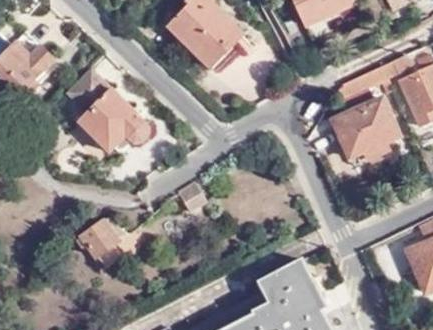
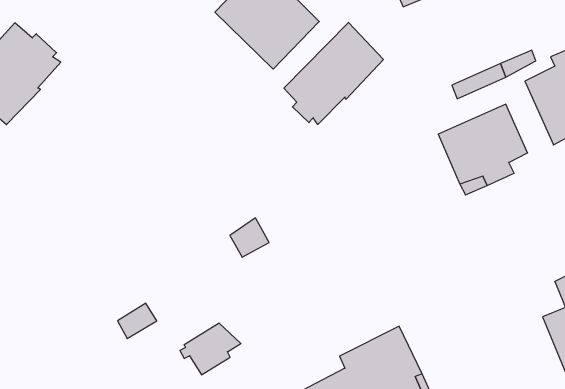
building: none -> [284,22,383,124]
building: [67,69,147,151] -> none
building: [79,219,124,257] -> [180,323,241,375]

